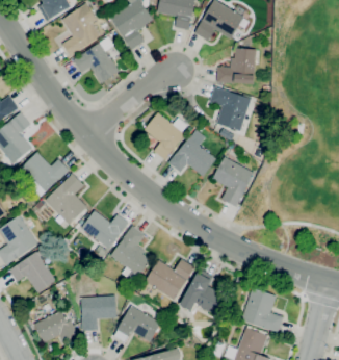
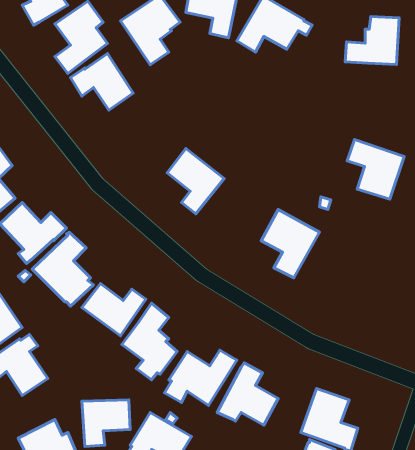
building: [216,48,256,83] -> [345,16,399,65]
building: [209,86,251,130] -> [347,140,404,199]
building: [168,136,216,176] -> none

